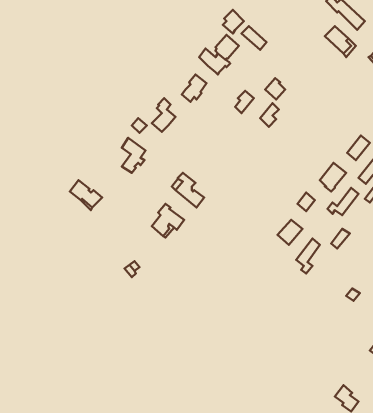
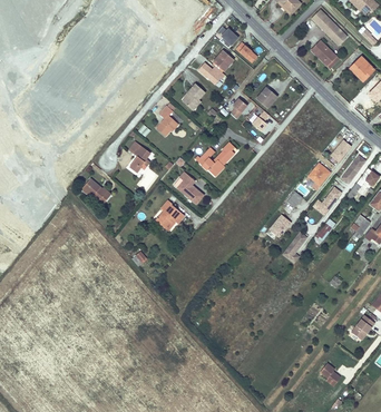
building: none -> [195,143,235,176]

